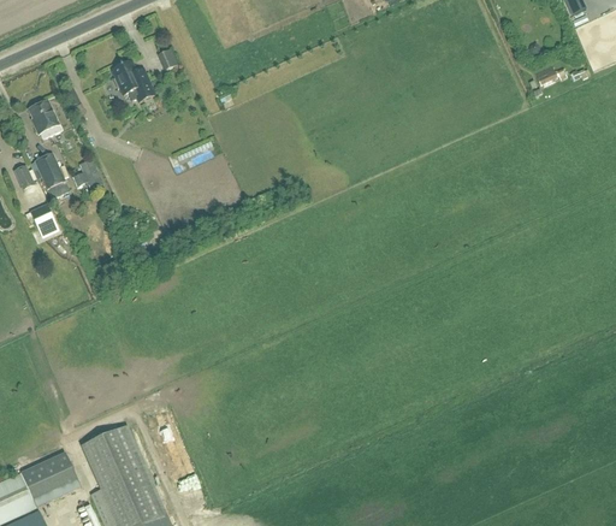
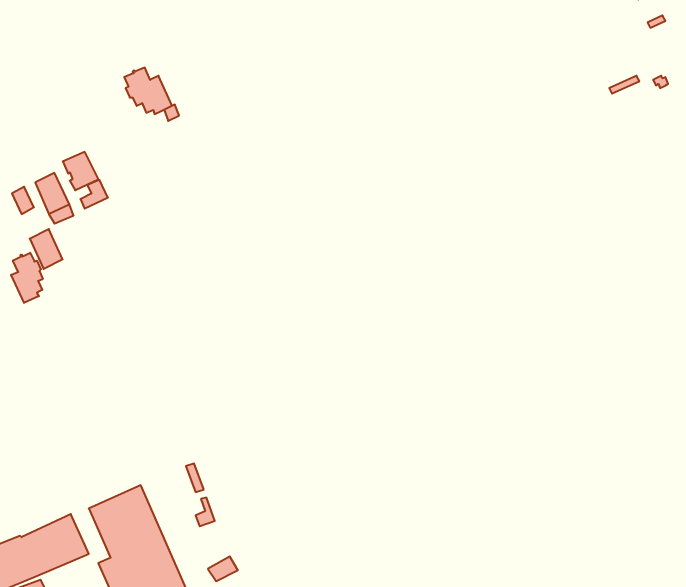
building: [26,100,58,134] -> [63,152,98,190]
building: none -> [11,253,43,303]

